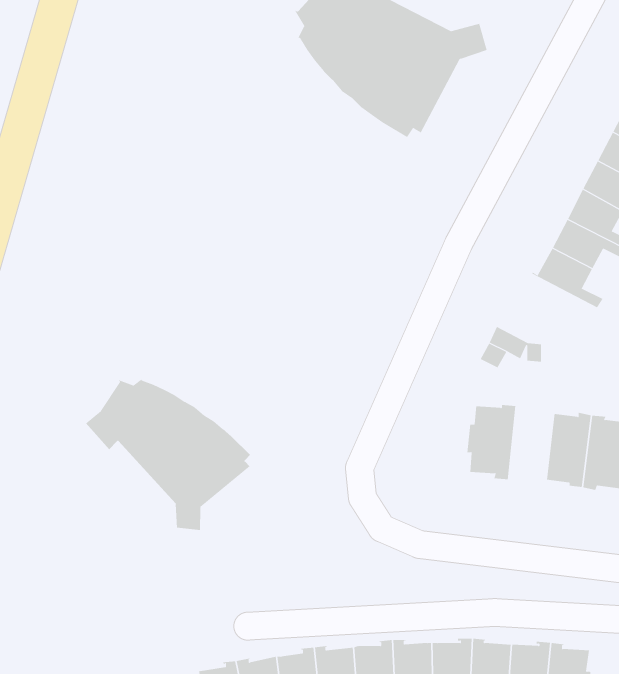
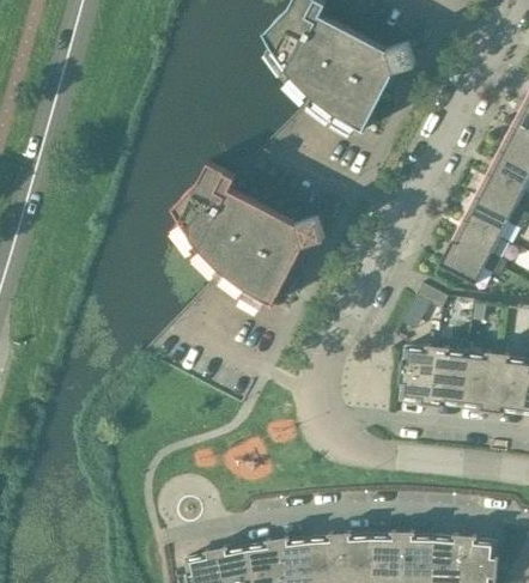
building: none -> [171,163,326,310]
building: none -> [438,242,503,286]
building: [85,378,251,531] -> none
building: none -> [432,347,468,407]

